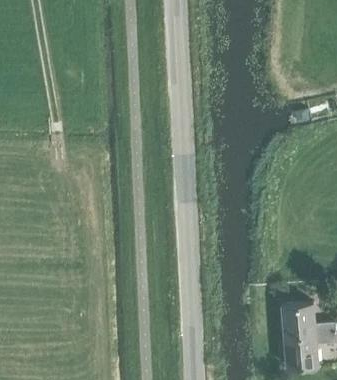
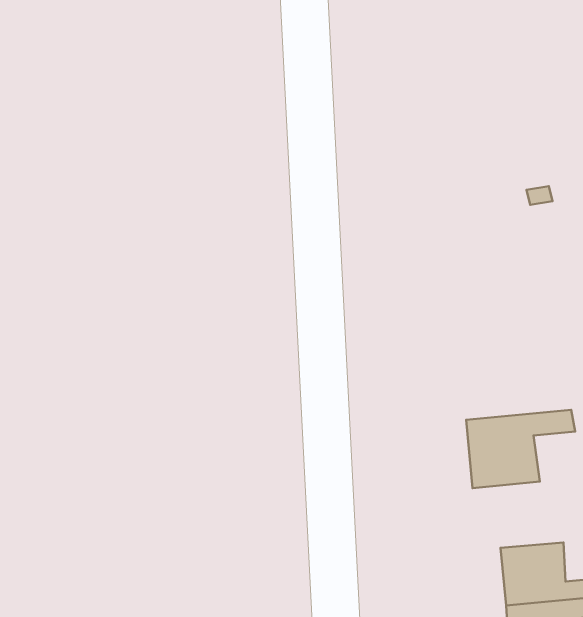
building: none -> [466,410,575,488]

